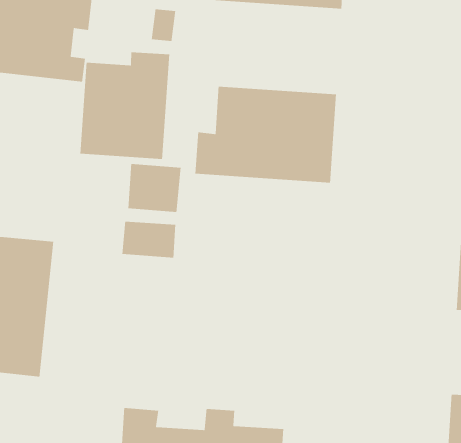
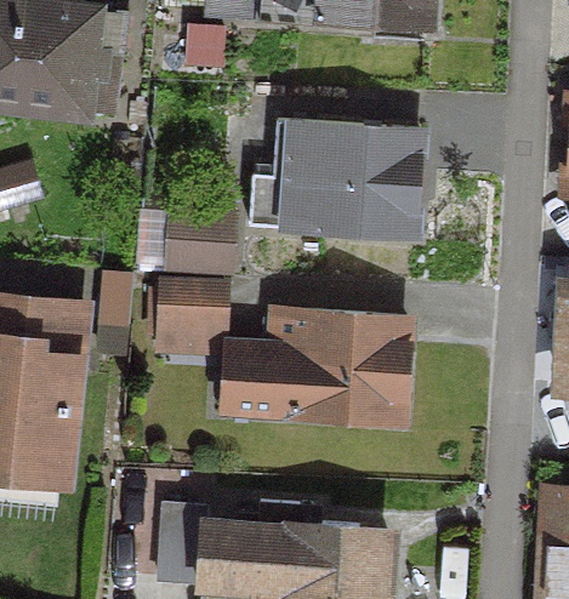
building: [80,51,170,160] -> none
building: none -> [221,309,403,420]

